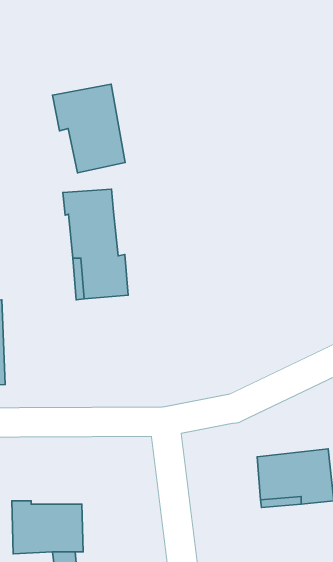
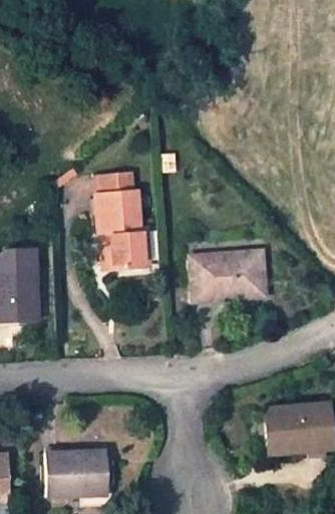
building: [53,84,125,173] -> none
building: none -> [191,249,267,298]

